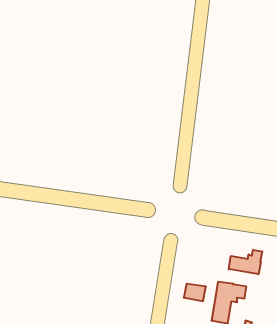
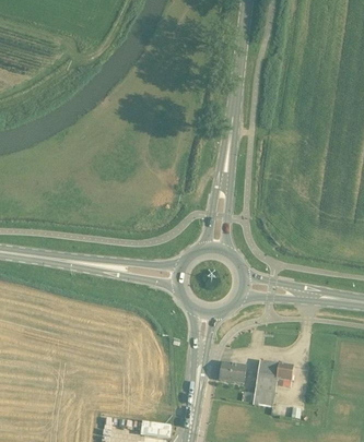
building: [229,250,262,274] -> none

